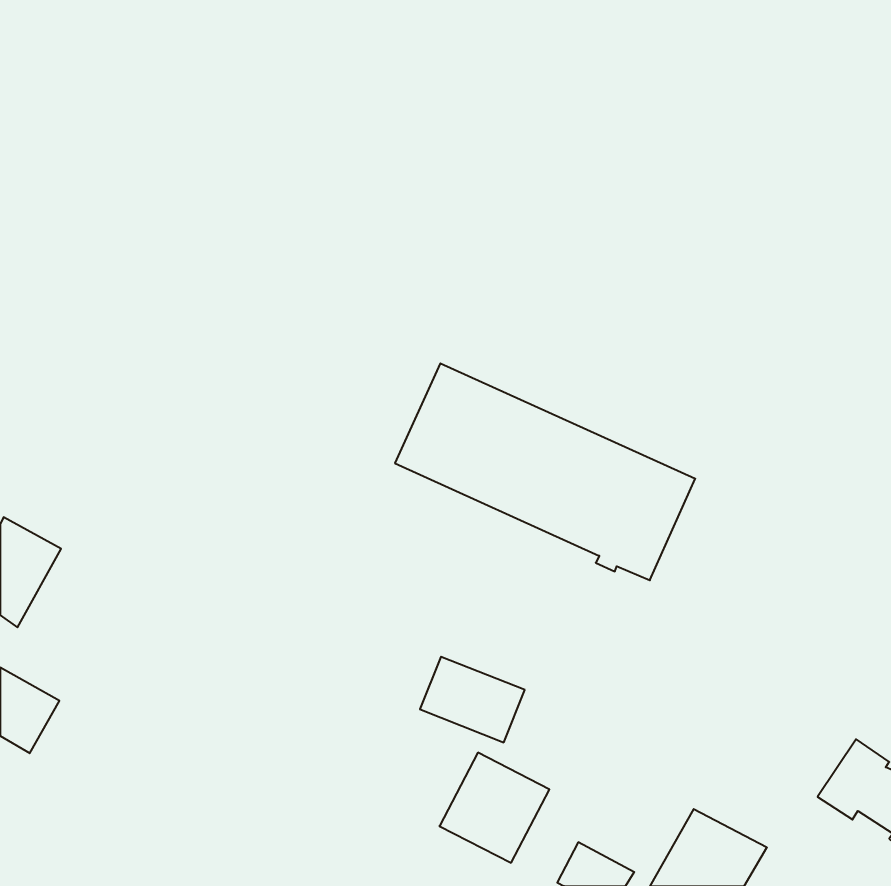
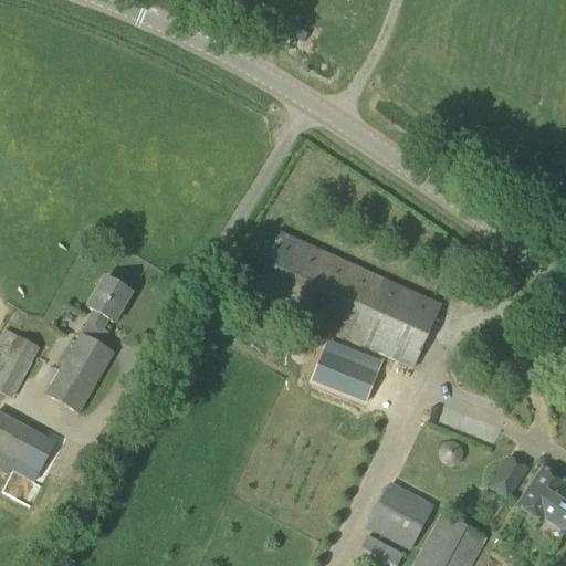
building: none -> [46,276,130,411]
building: [420,657,525,742] -> [312,346,378,400]
building: none -> [488,453,528,499]
building: [439,753,549,863] -> [365,480,434,549]

